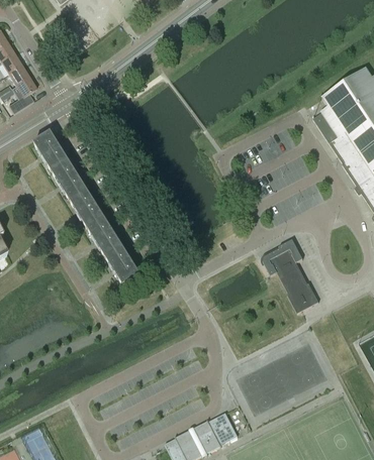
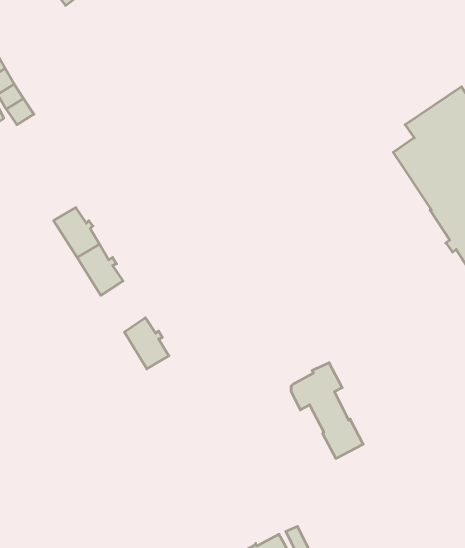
building: [34,131,69,170] -> none
building: [88,217,122,256] -> none
building: [263,239,318,313] -> [291,363,363,458]

